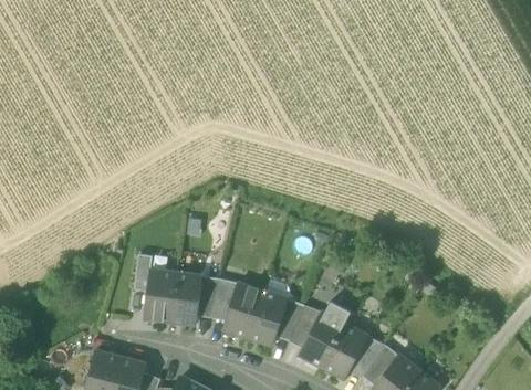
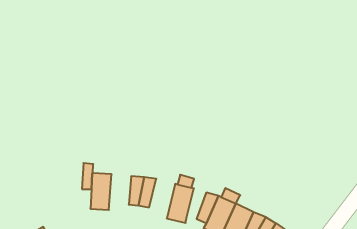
building: [169,272,202,324] -> none
building: [222,282,262,337] -> none
building: [275,298,304,340] -> none

